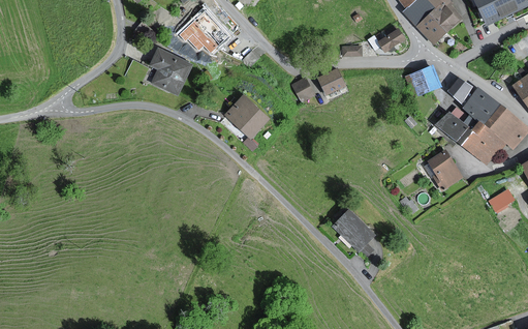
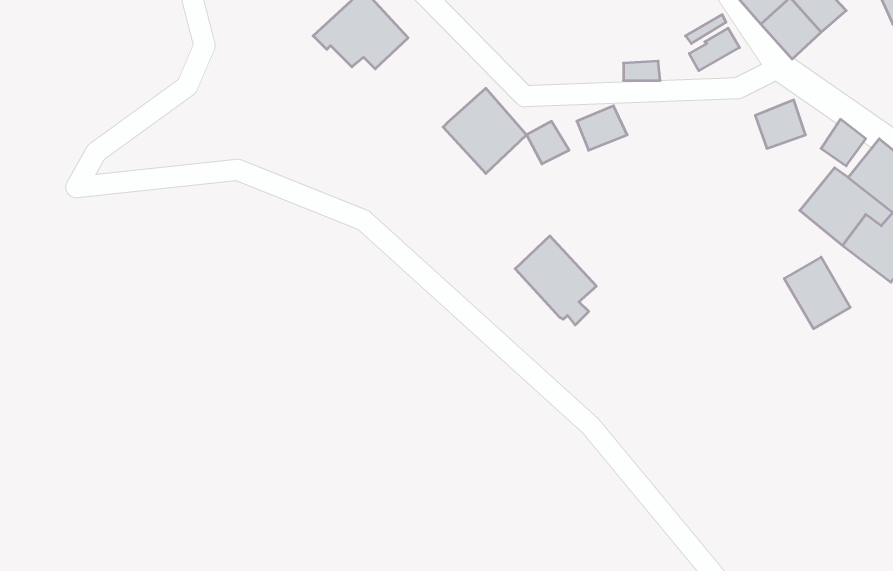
building: [148,47,193,95] -> none
building: [224,94,269,140] -> [443,88,526,174]
building: [334,209,377,257] -> [515,236,596,325]

